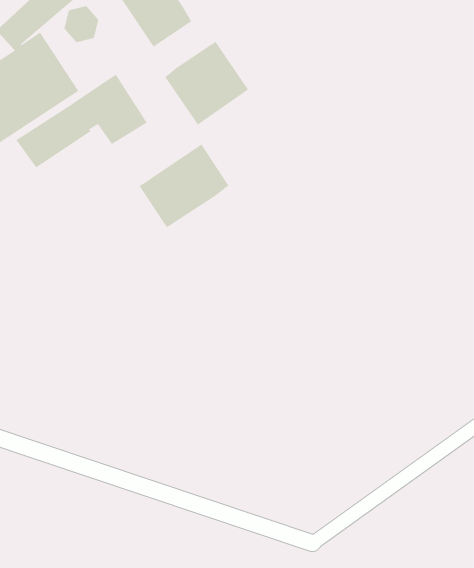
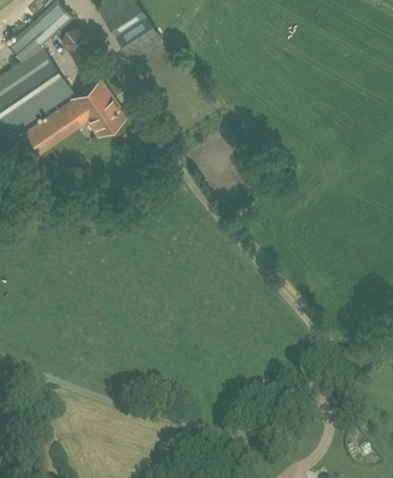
building: [165,41,249,126] -> none
building: [139,144,229,228] -> none

